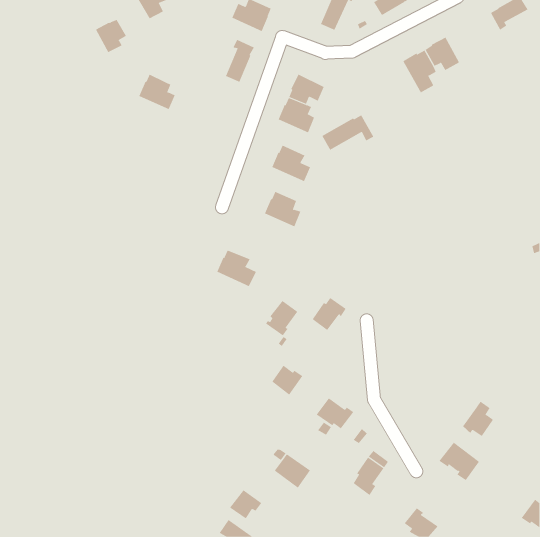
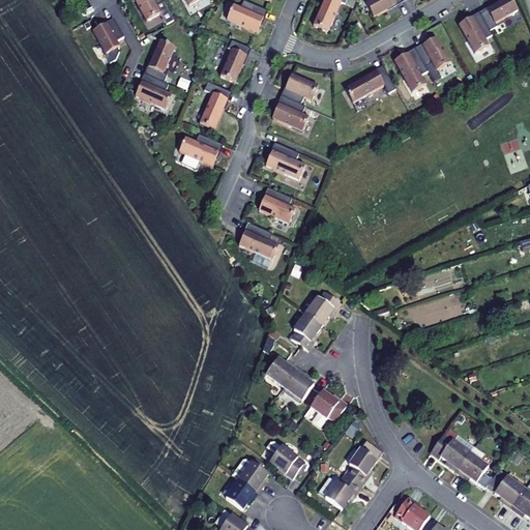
building: none -> [459,12,492,52]
building: none -> [146,38,175,81]
building: none -> [200,80,230,128]
building: [321,115,374,151] -> [345,66,396,101]
building: none -> [179,132,220,165]
building: [217,250,257,287] -> [239,223,278,259]
building: [265,300,298,336] -> [289,313,321,348]
building: none -> [284,369,314,400]
building: [462,401,494,437] -> [457,446,488,481]
building: none -> [232,459,267,493]
building: none -> [485,469,524,507]
building: none -> [325,473,362,508]

